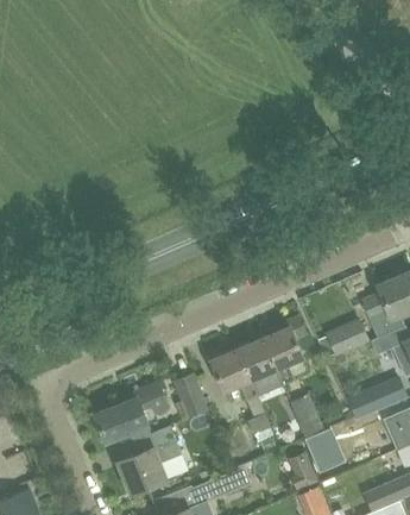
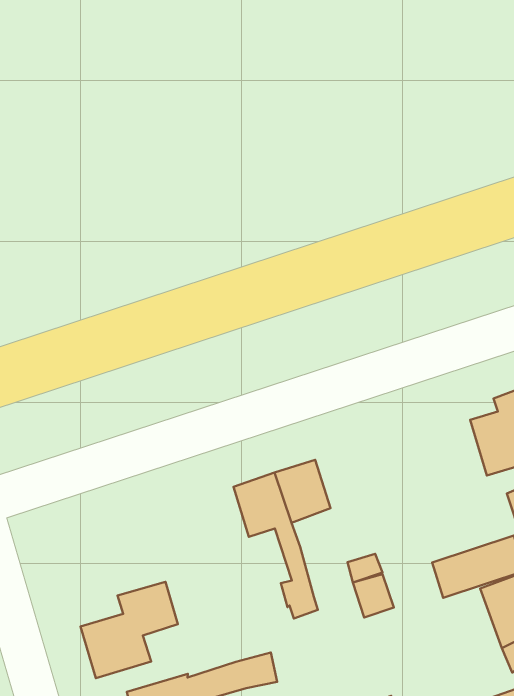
building: [263,315,307,385] -> none
building: [324,319,368,357] -> none
building: [172,373,208,420] -> none
building: [94,384,169,442] -> none
building: [305,431,345,475] -> none

